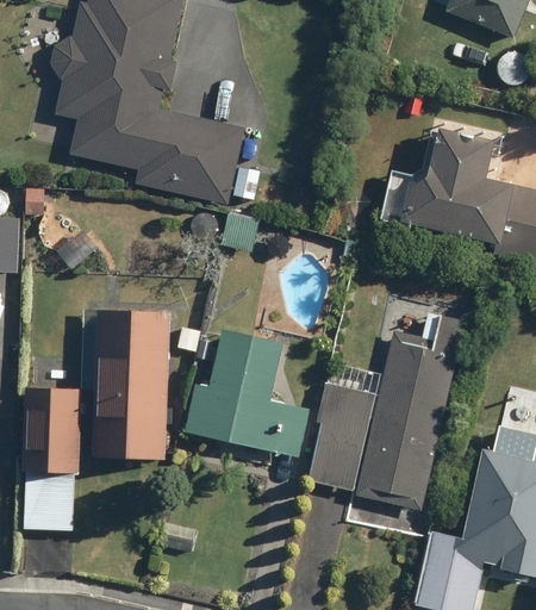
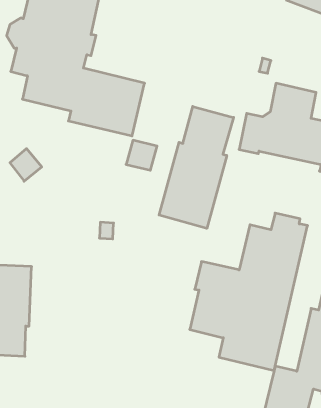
building: none -> [159,106,234,228]
building: [92,311,172,461] -> none
building: [182,329,310,458] -> none

